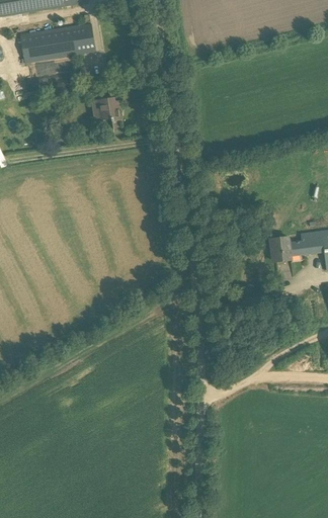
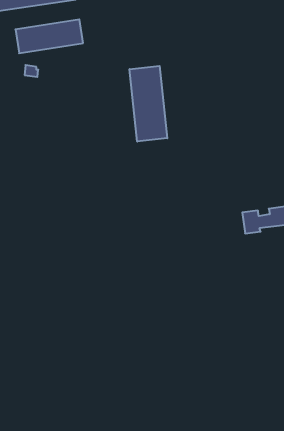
building: none -> [130,66,167,142]
building: [89,97,120,120] -> none

